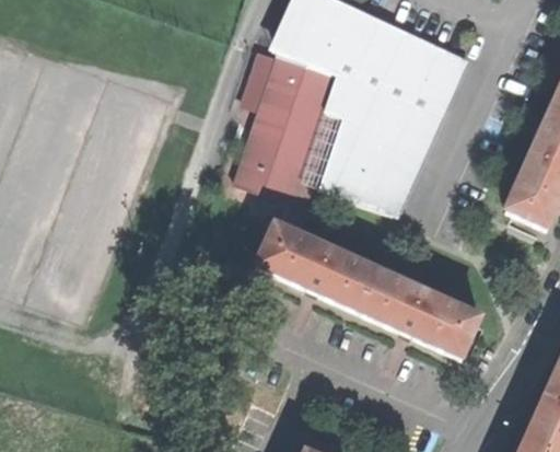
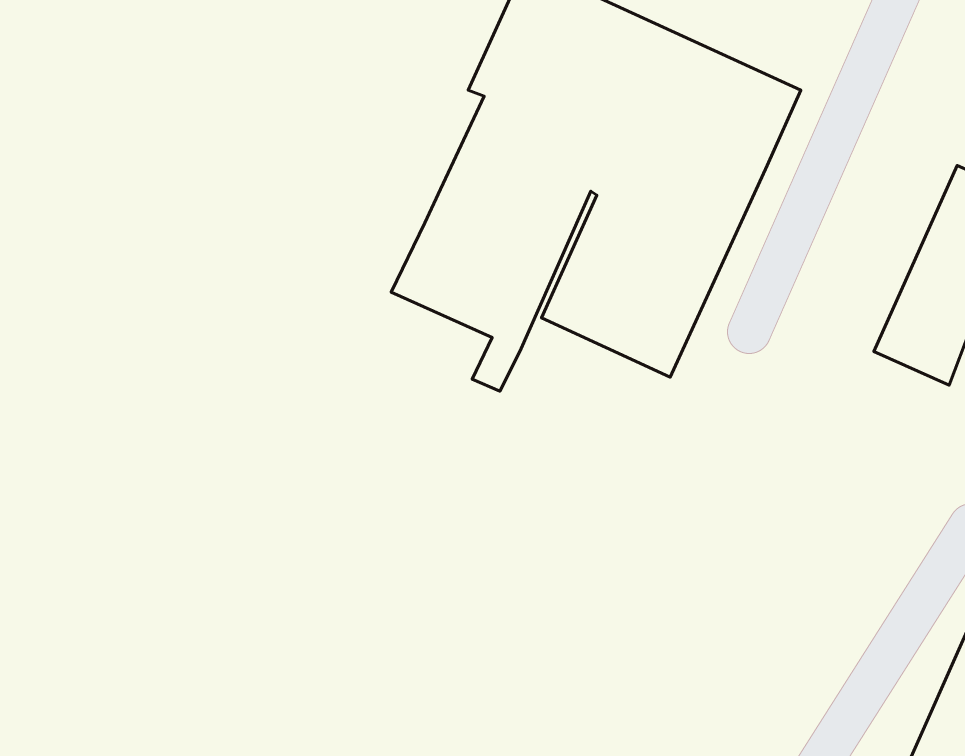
building: [246,57,290,116] -> none
building: [257,223,478,351] -> none

